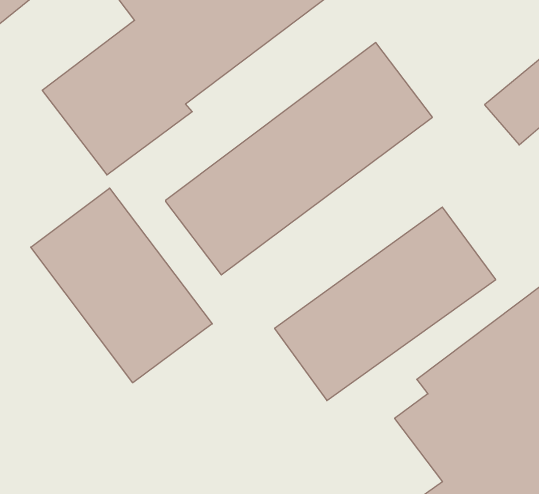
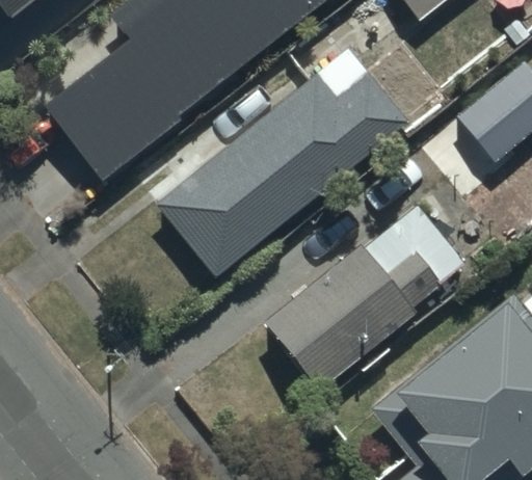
building: [31,188,212,383] -> none

